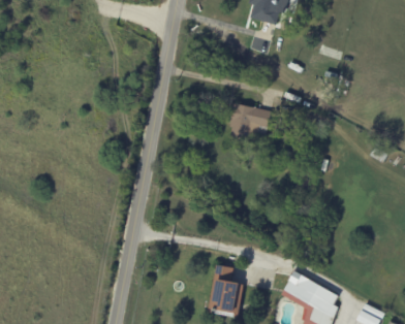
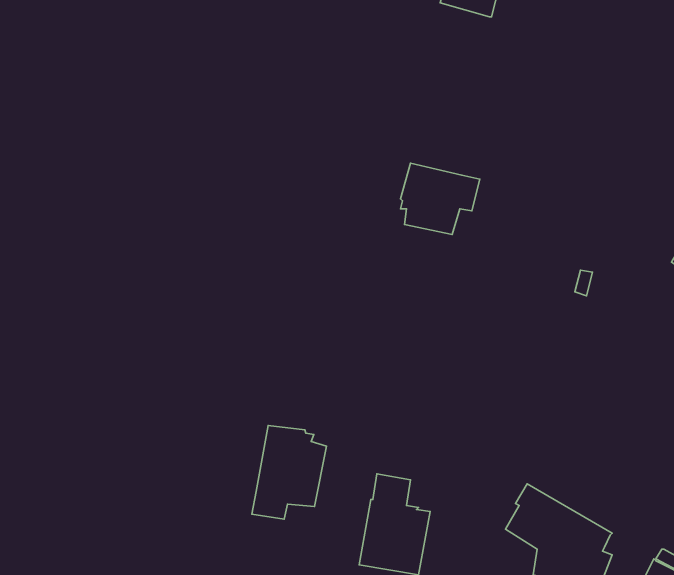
building: none -> [252,425,326,519]

